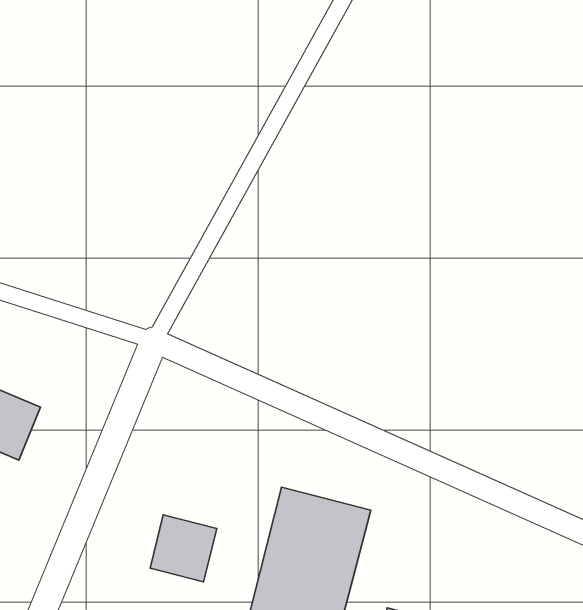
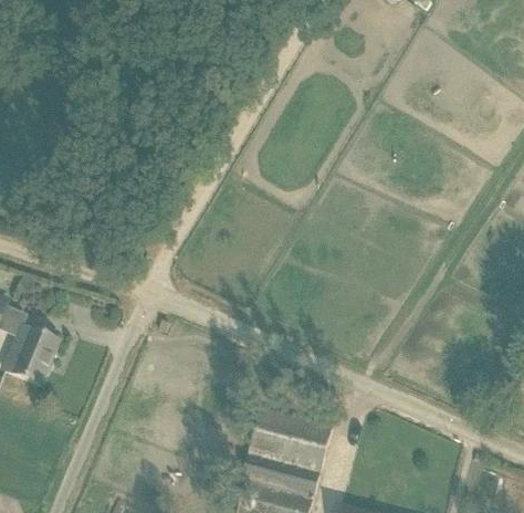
building: [150,515,217,582] -> none

